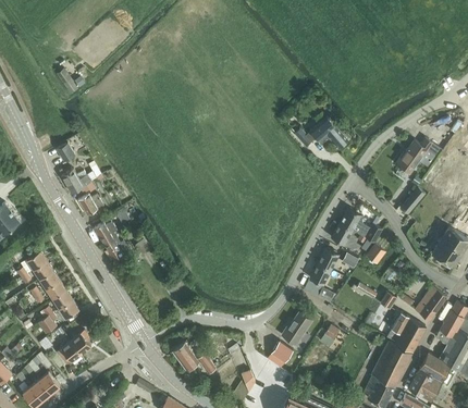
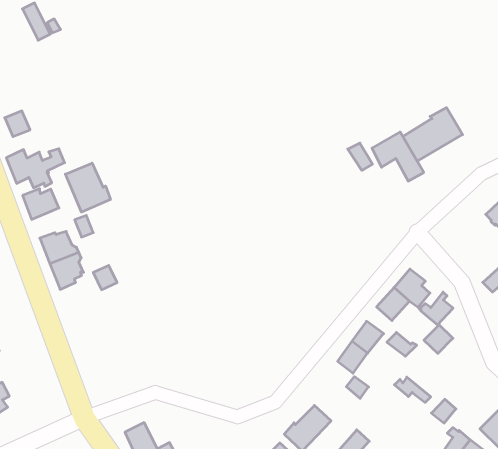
building: none -> [403,108,463,161]
building: none -> [65,163,110,212]

